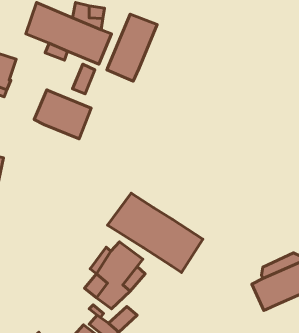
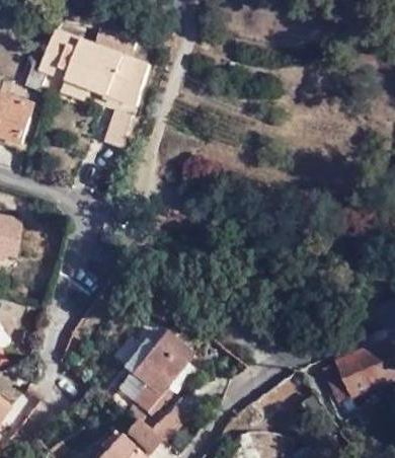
building: [107,14,157,81] -> none
building: [34,90,91,139] -> none
building: [108,193,203,273] -> none

